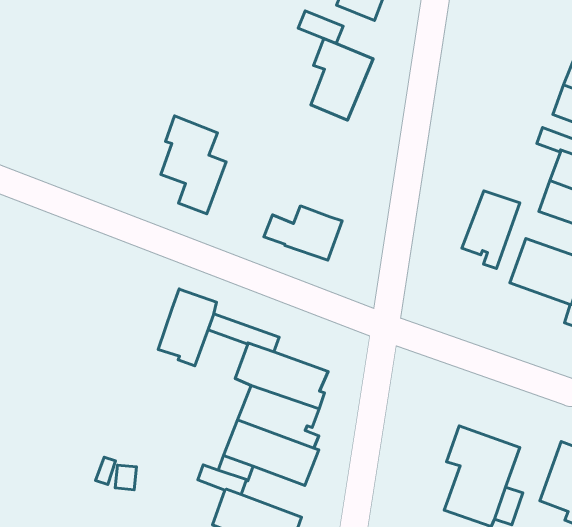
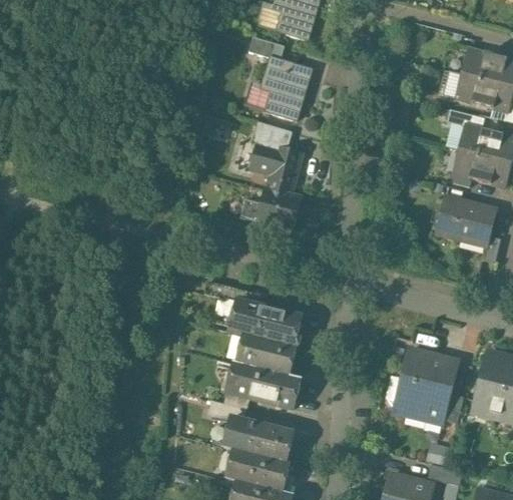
building: [161,116,226,214] -> [250,121,301,195]
building: [462,191,520,268] -> none
building: [158,289,217,366] -> none
building: none -> [387,376,412,408]

